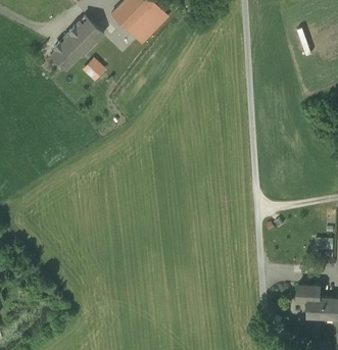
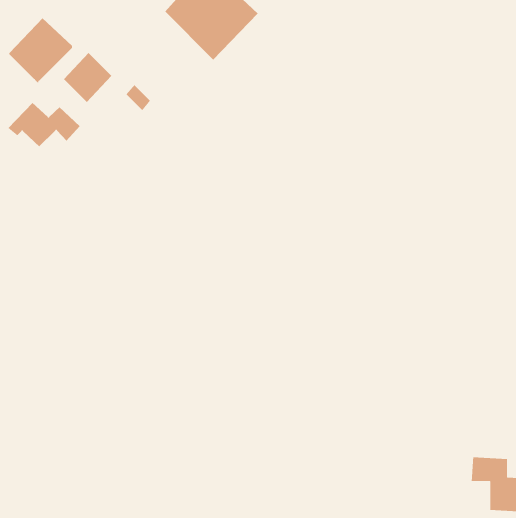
building: [63,16,103,56] -> [7,17,73,83]
building: none -> [8,102,81,147]

